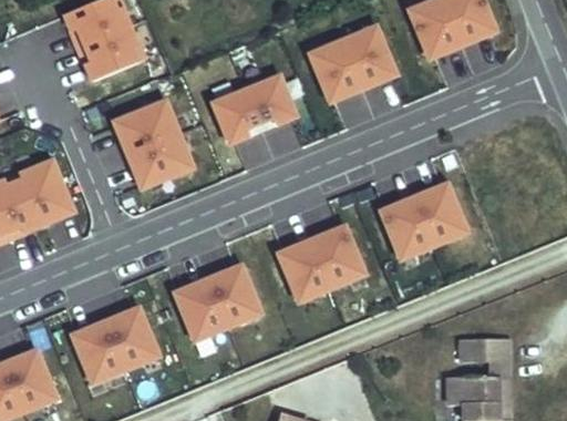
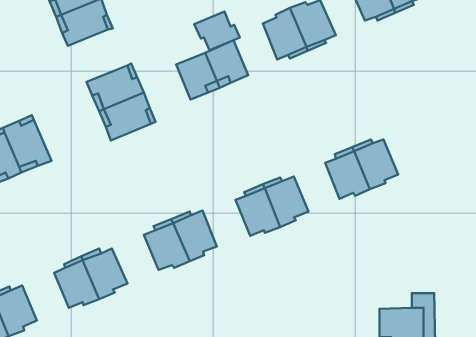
building: none -> [194,12,240,50]
building: [460,338,507,363] -> none

